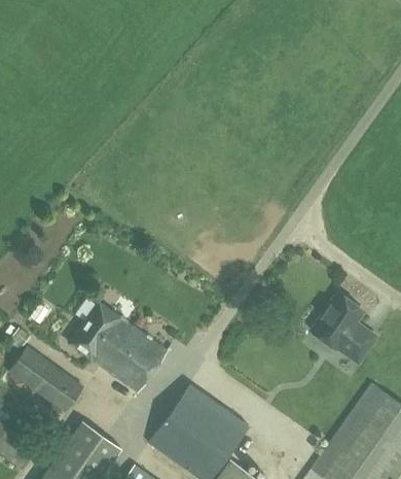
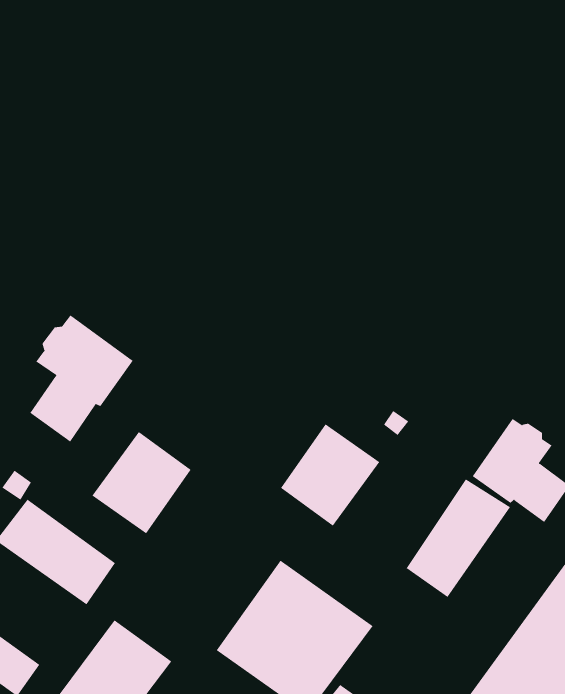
building: none -> [30,315,134,442]
building: [104,327,168,392] -> [280,423,380,527]
building: none -> [406,479,511,598]

